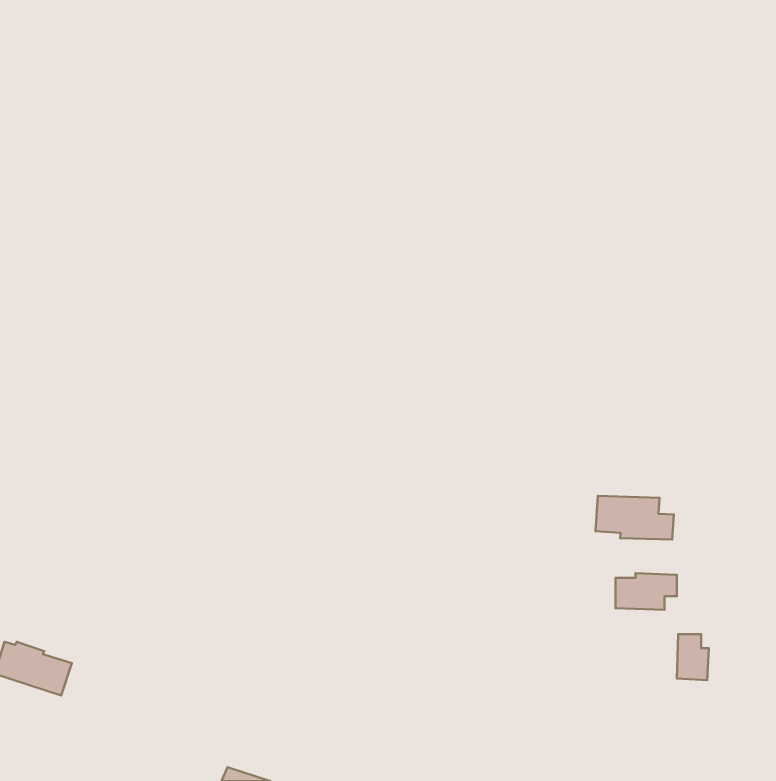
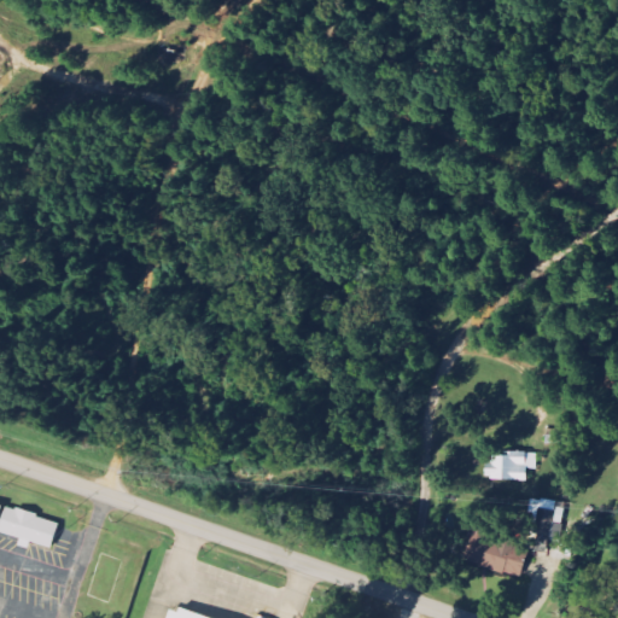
building: [596,496,674,539] -> none
building: none -> [464,530,525,577]

